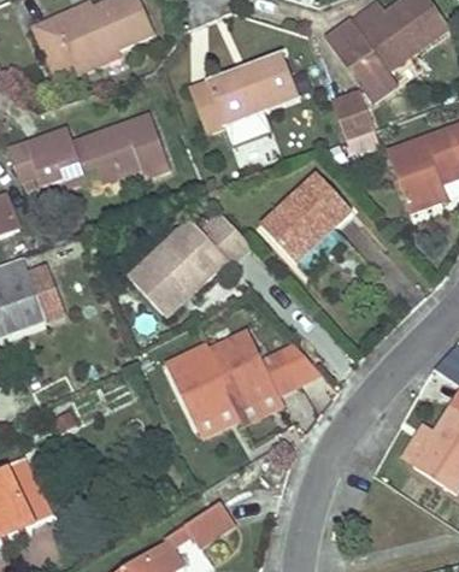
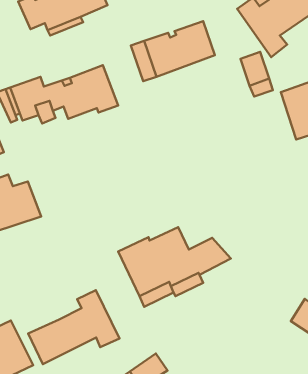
building: [260,172,352,264] -> none
building: [128,211,251,316] -> none
building: none -> [28,290,120,364]

